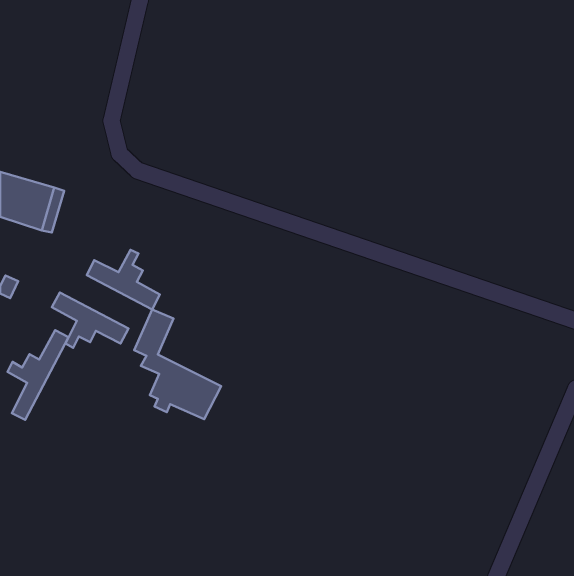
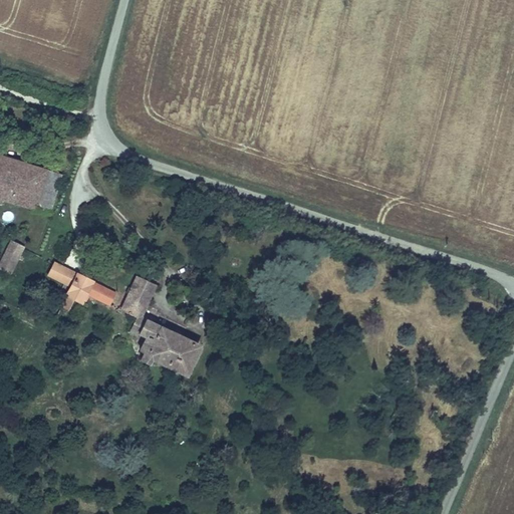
building: [87,250,160,309] -> none
building: [8,330,69,420] -> none

